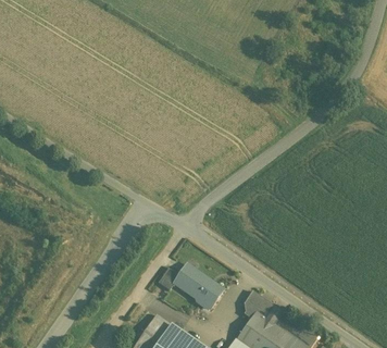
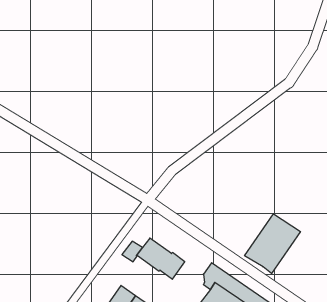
building: none -> [245,214,300,274]

